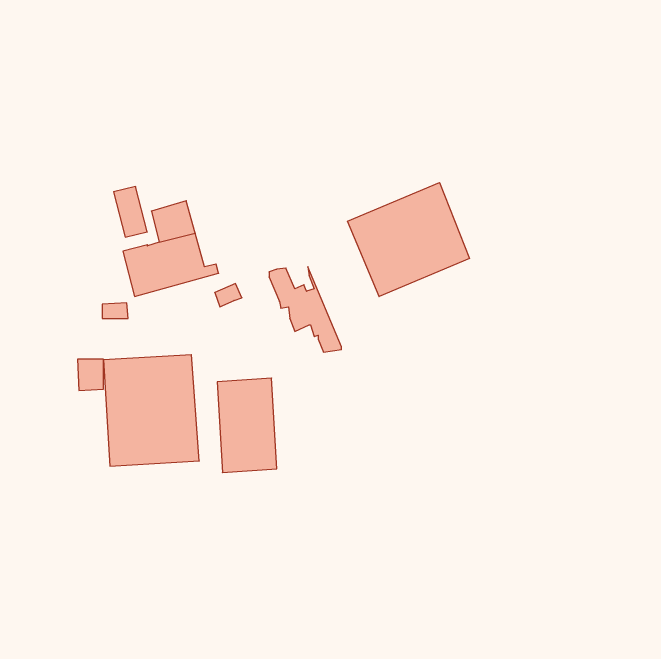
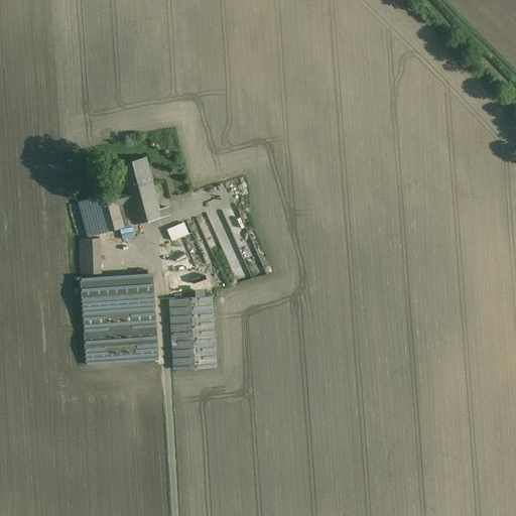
building: [348,183,470,297] -> none
building: [114,187,147,237] -> [79,196,105,235]
building: [78,359,103,390] -> [80,248,100,272]

